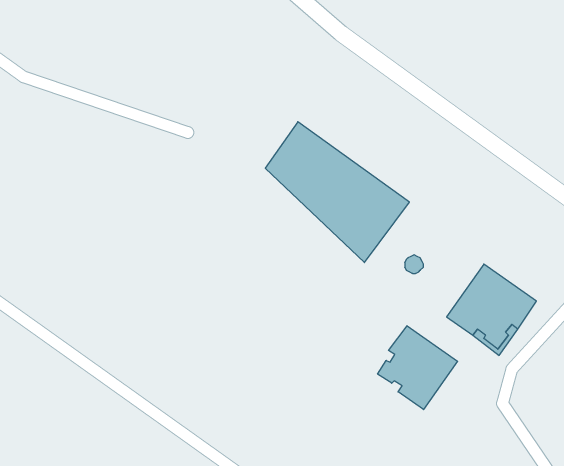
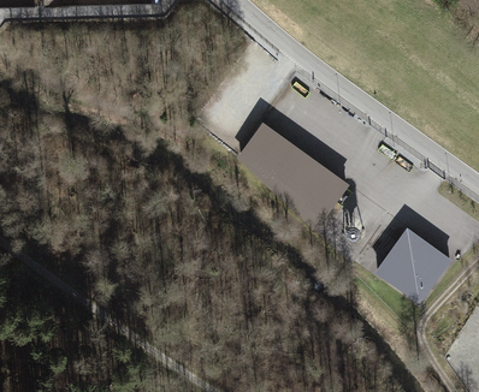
building: [378,326,458,410] -> none

